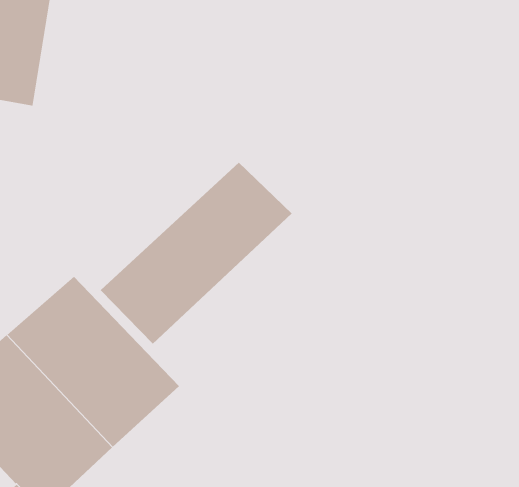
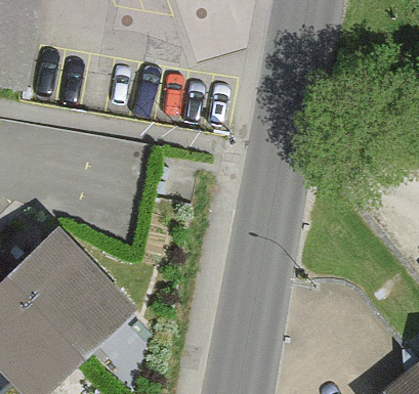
building: [100,162,293,344] -> none

